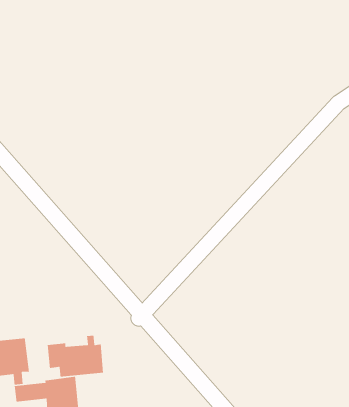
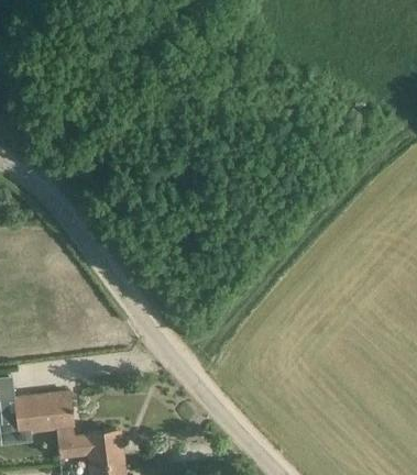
building: [47,335,104,377] -> none

